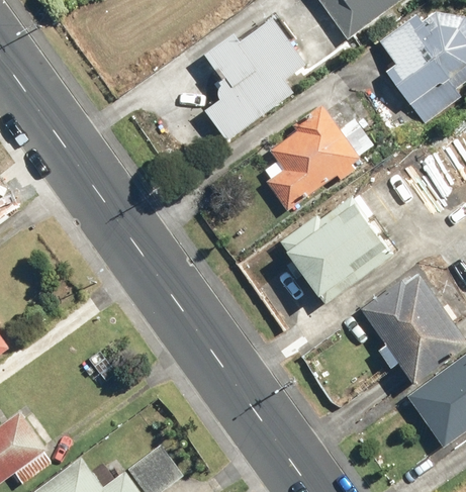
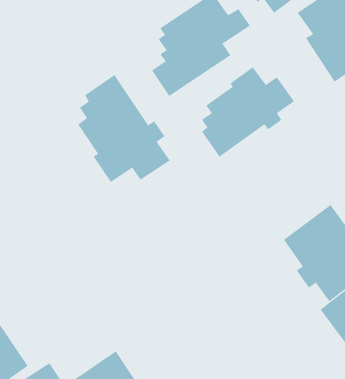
building: none -> [77,74,170,183]
building: [279,196,397,305] -> none

